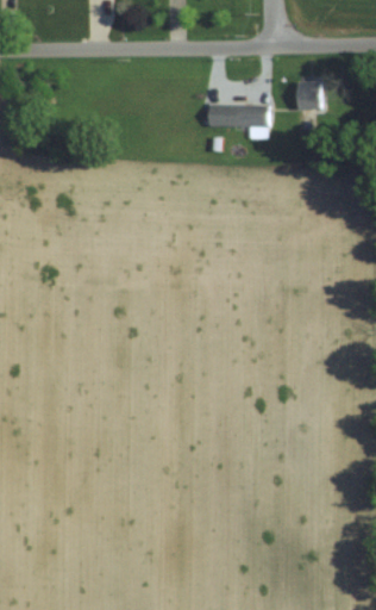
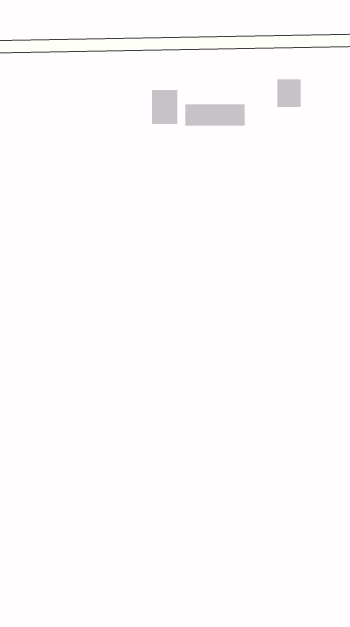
building: none -> [151,89,178,125]

